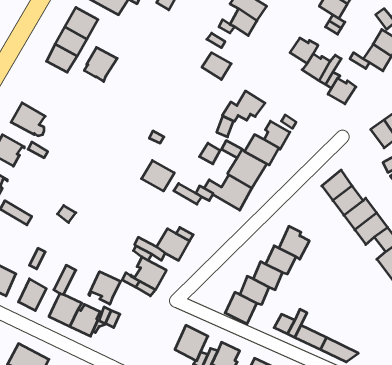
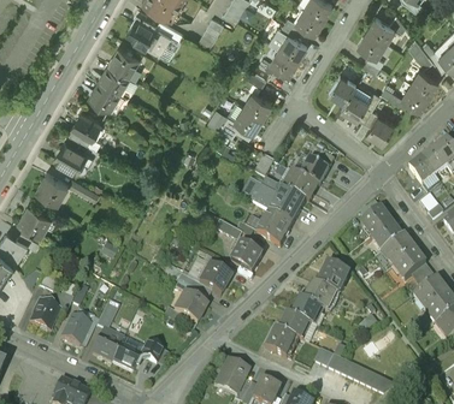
building: [84,47,117,82] -> [70,111,102,144]
building: [222,91,265,121] -> [220,105,263,135]
building: [141,160,174,191] -> [231,240,264,271]
building: [89,272,121,304] -> none

